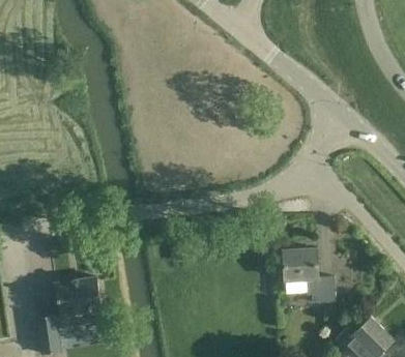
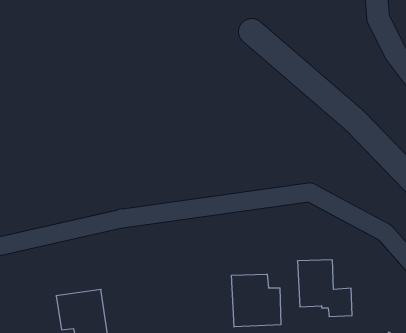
building: none -> [232,274,281,327]

